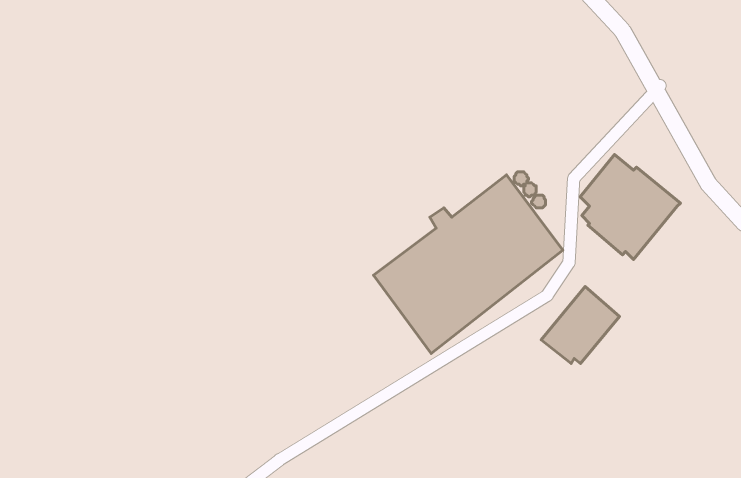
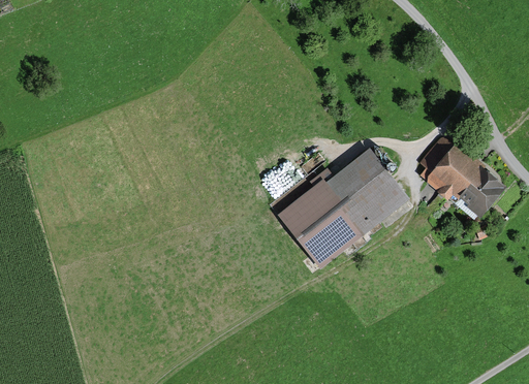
building: [541,287,620,363] -> [454,169,505,220]

